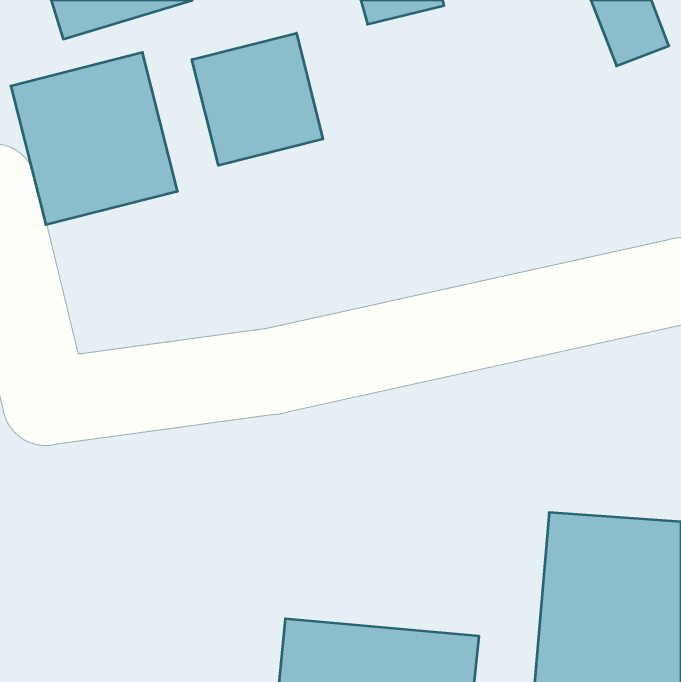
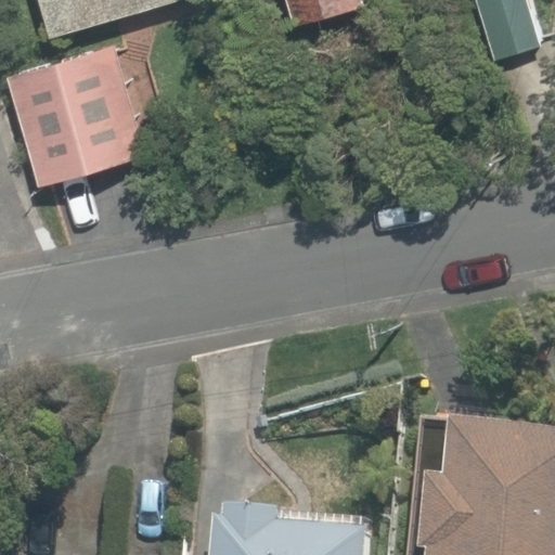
building: [192,33,323,165] -> none

